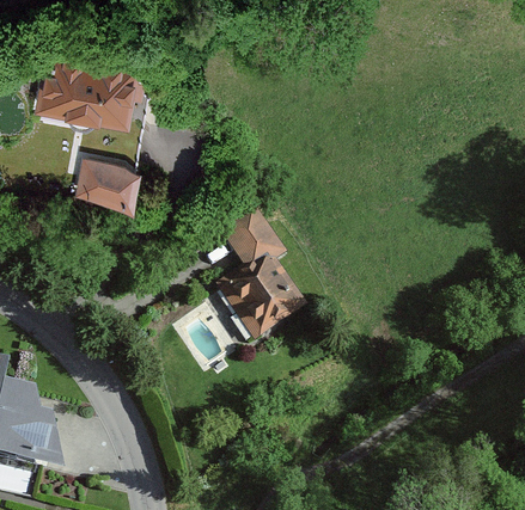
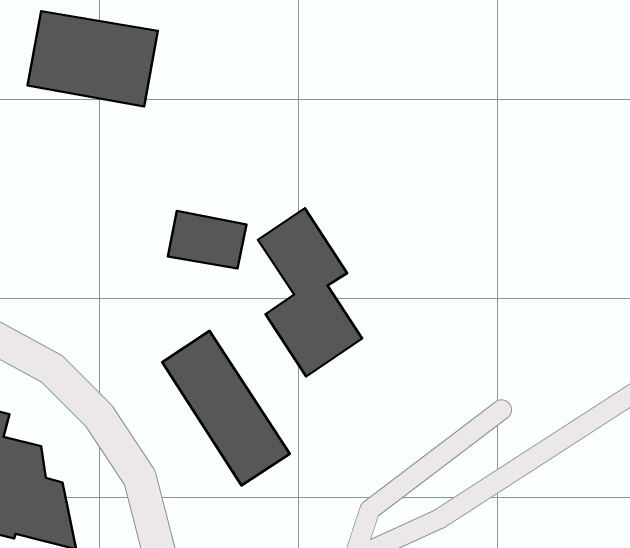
building: [75,161,138,207] -> [168,211,246,269]
building: none -> [162,331,290,486]

